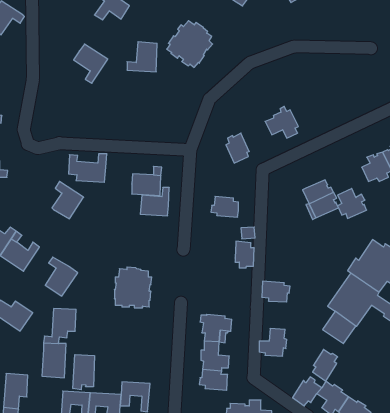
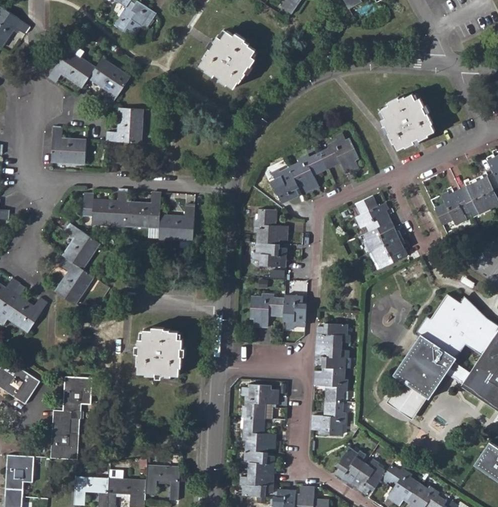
building: none -> [48,44,96,88]
building: [127,42,157,72] -> [107,107,143,143]
building: none -> [382,94,435,149]
building: none -> [51,127,87,163]
building: none -> [290,152,327,191]
building: none -> [256,210,288,244]
building: [140,188,169,216] -> [126,193,161,227]
building: [338,188,367,218] -> [356,196,391,232]
building: none -> [250,294,284,327]
building: [45,257,78,296] -> [56,258,95,305]
building: none -> [316,323,350,346]
building: none -> [314,368,347,402]
building: [313,349,338,381] -> [336,446,366,484]
building: [73,355,94,390] -> none
building: none -> [239,473,273,496]

